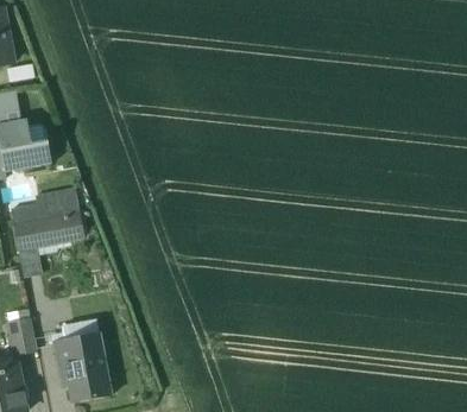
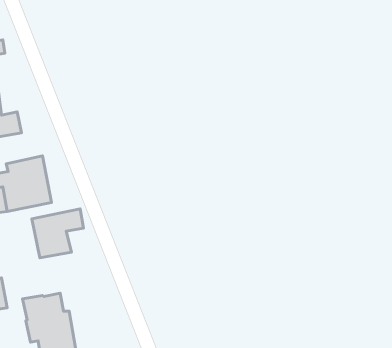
building: none -> [32,209,83,258]

